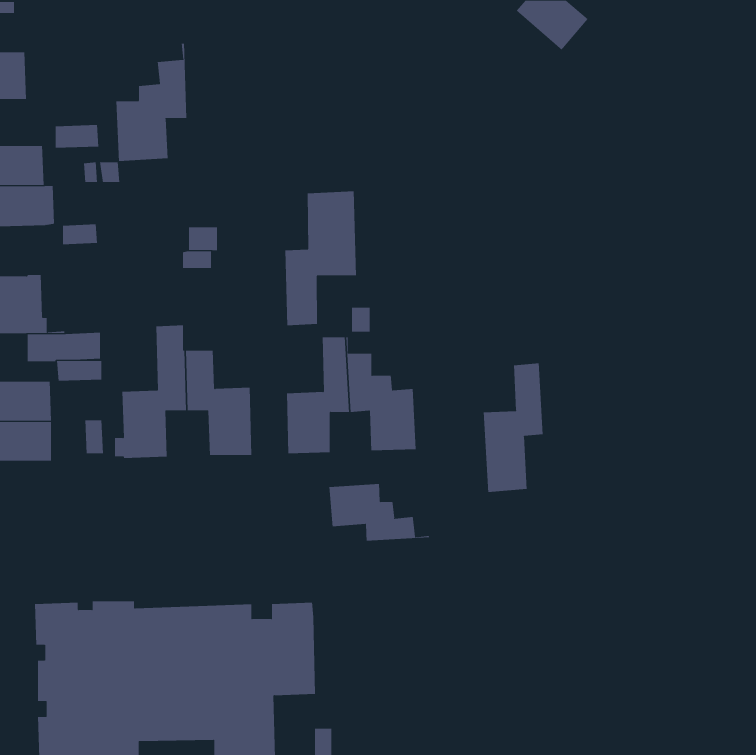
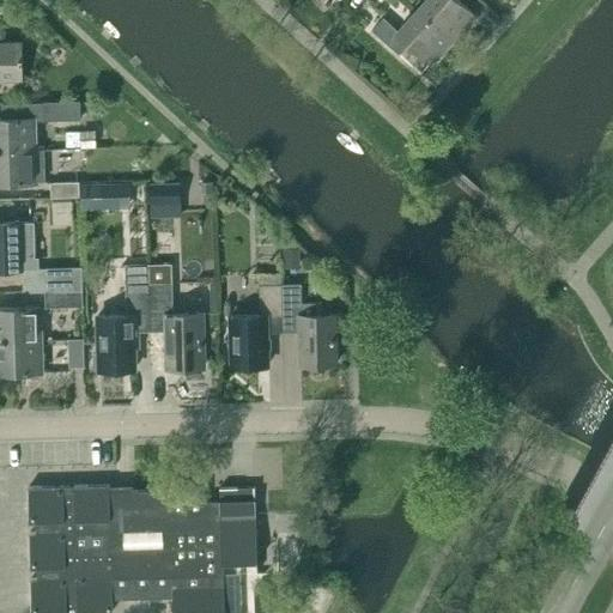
building: none -> [371,11,454,67]
building: [116,43,187,162] -> none
building: [285,191,356,326] -> none
building: none -> [104,178,134,207]
building: [483,363,543,493] -> none
building: [329,483,429,542] -> none

